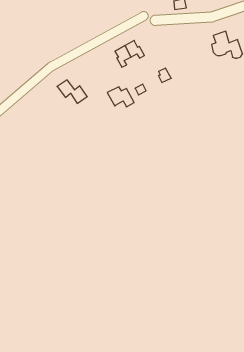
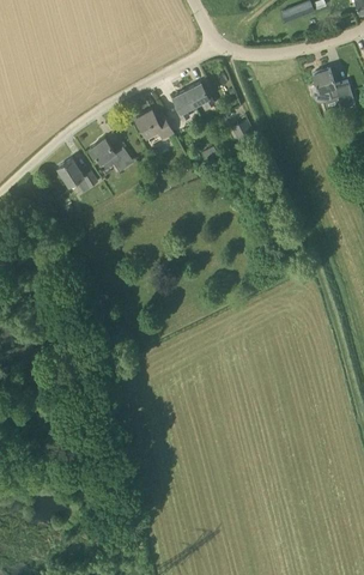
building: [107,87,134,107] -> [135,109,174,138]
building: none -> [57,158,98,190]

